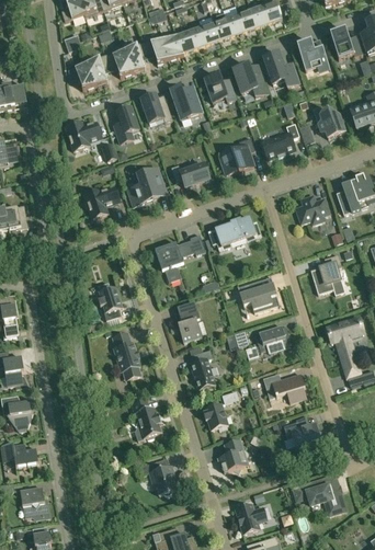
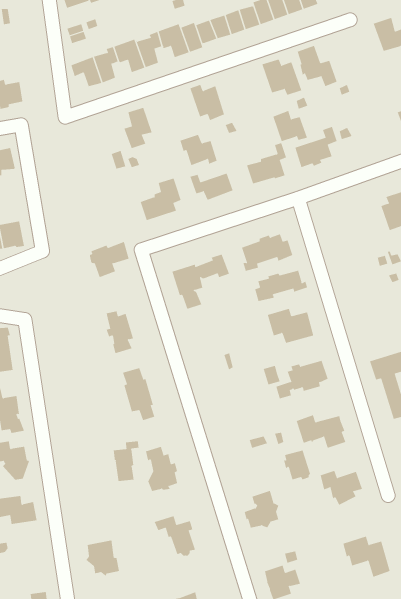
building: [296,38,330,70] -> none
building: [204,75,235,102] -> [272,110,308,142]
building: [138,94,171,122] -> [180,134,217,166]
building: [315,111,344,138] -> none
building: [65,122,101,150] -> none
building: [83,186,118,218] -> [89,241,130,278]
building: [295,194,329,224] -> none
building: none -> [254,270,308,302]
building: [310,253,341,294] -> none
building: [173,302,201,342] -> none
building: [190,348,214,389] -> none
building: none -> [113,441,139,482]
building: [203,403,227,429] -> [283,450,311,480]
building: [19,488,48,519] -> [86,540,120,576]

